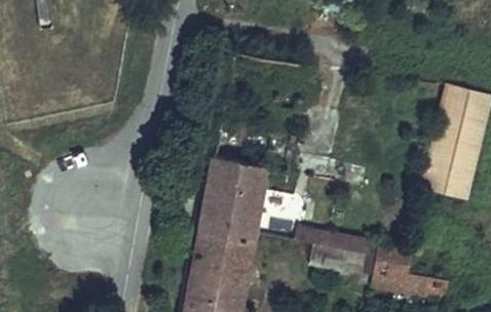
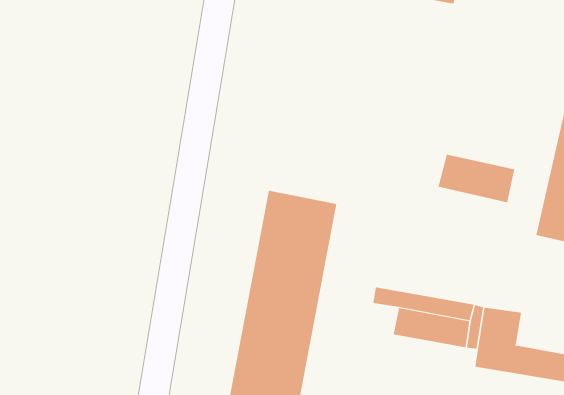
building: none -> [438,154,515,203]

